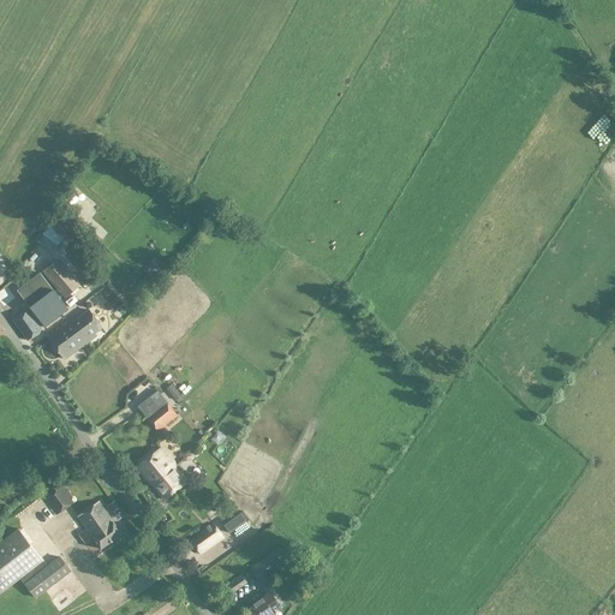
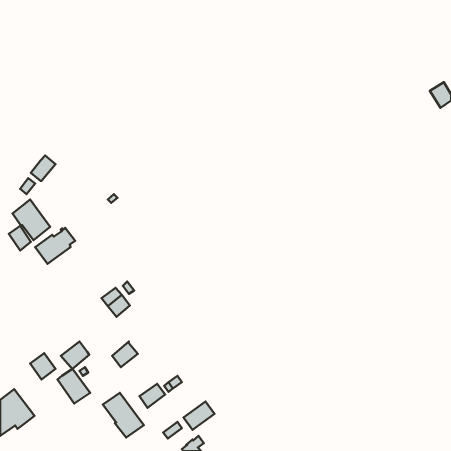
building: [43,258,80,298] -> none
building: [137,447,175,484] -> [61,342,89,369]
building: none -> [103,393,144,437]
building: [24,556,72,599] -> none

